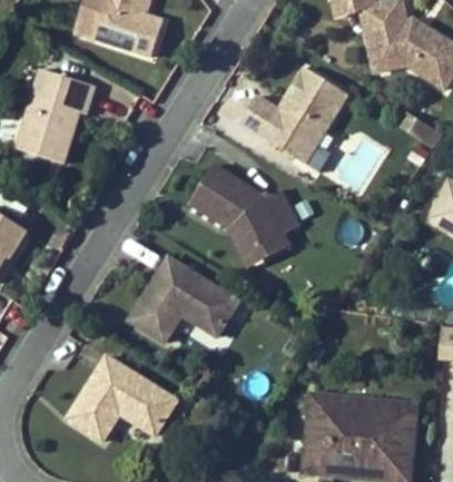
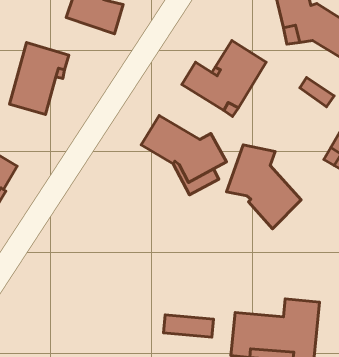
building: none -> [226,145,301,229]
building: [127,255,237,341] -> none
building: [66,354,176,440] -> none
building: [308,395,373,424] -> [163,315,213,337]

